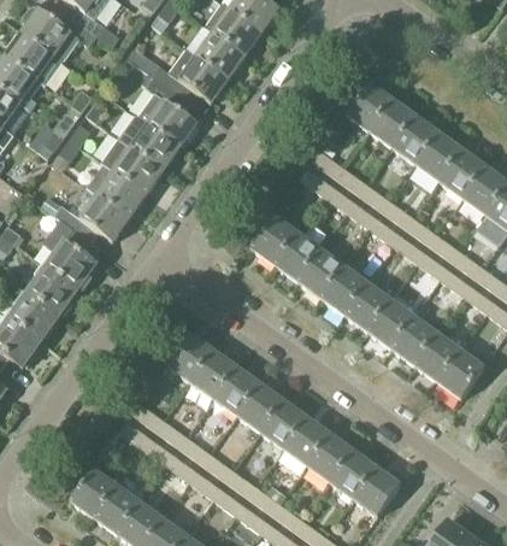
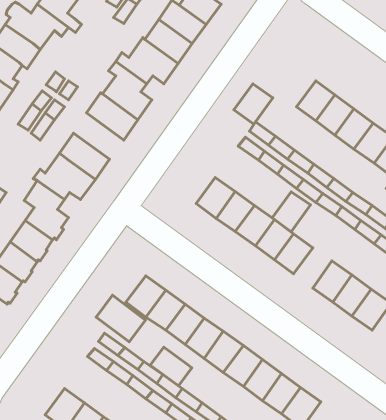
building: [346,82,393,130] -> [234,84,273,124]
building: [101,137,163,193] -> none
building: [366,299,412,347] -> [272,192,310,232]
building: none -> [96,295,146,342]
building: none -> [150,347,192,386]

